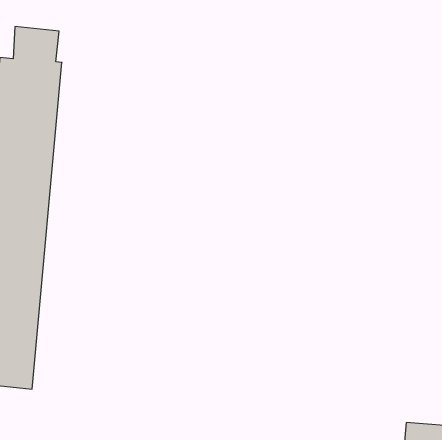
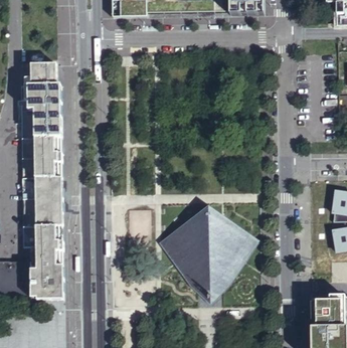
building: none -> [161,210,257,292]

